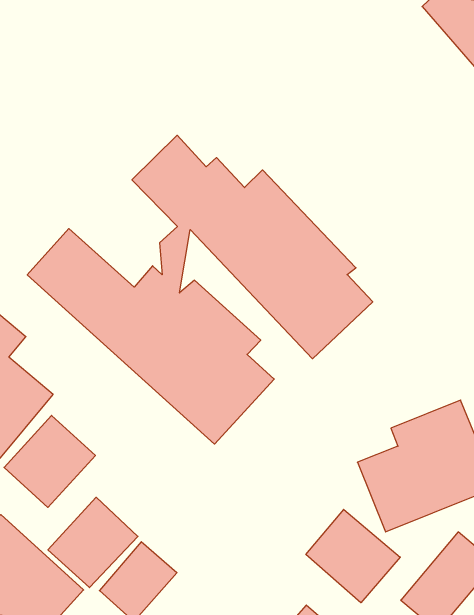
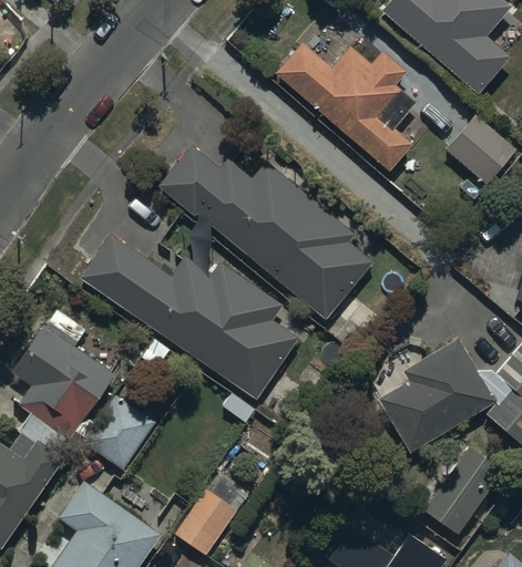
building: none -> [276,43,414,173]
building: [48,497,138,588] -> none
building: [306,509,400,603] -> none

